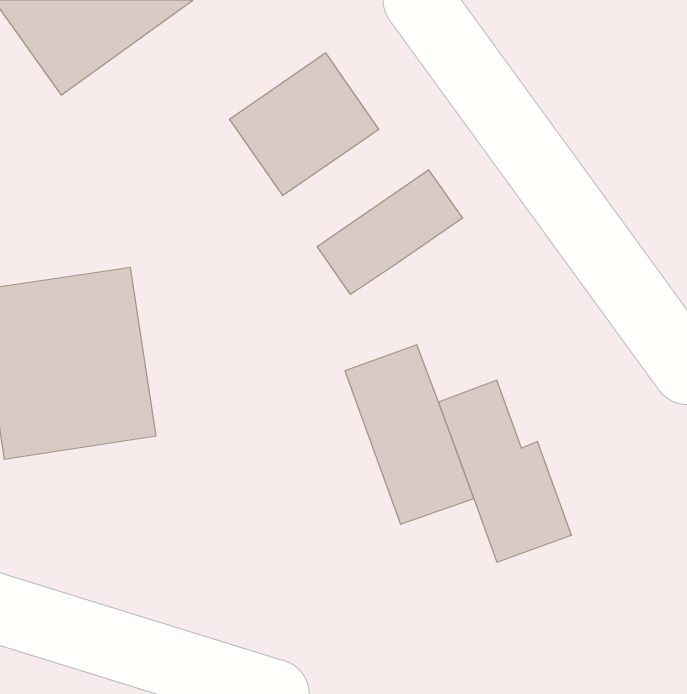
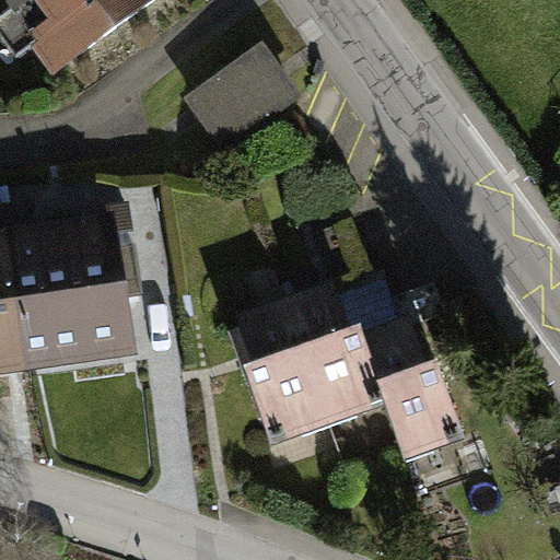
building: [317,170,463,294] -> none
building: none -> [232,299,327,454]

